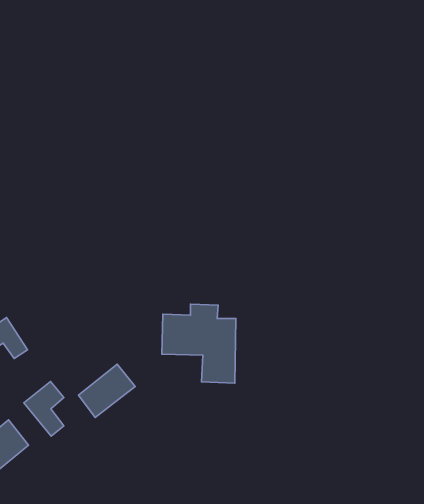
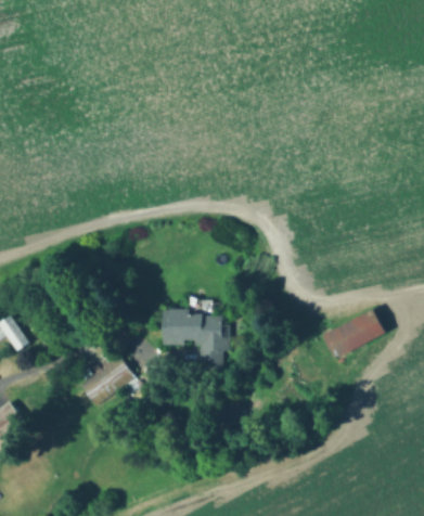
building: none -> [321,305,385,360]
building: [24,381,64,436] -> none

